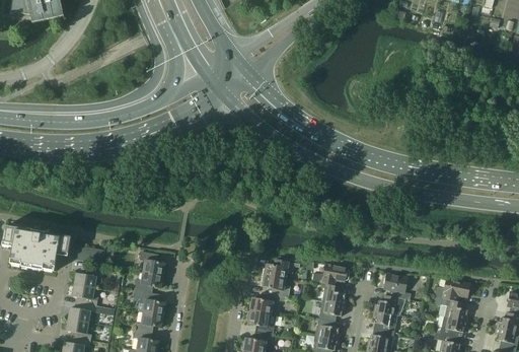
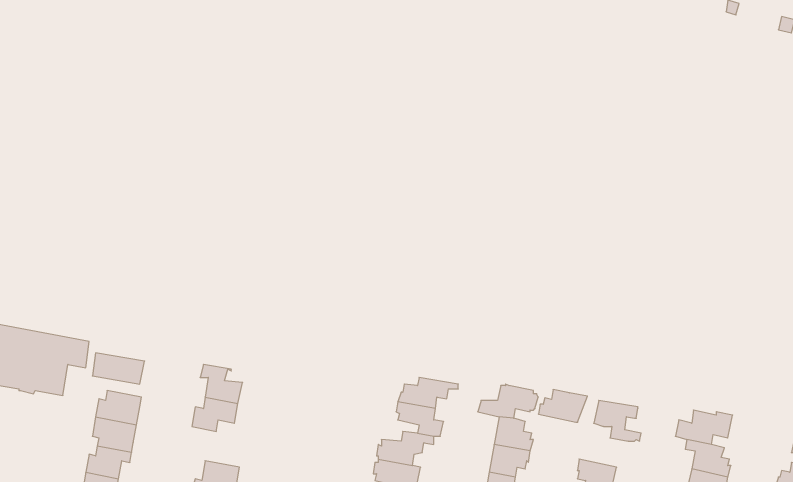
building: [134,290,166,315] -> none
building: [375,295,405,315] -> [538,390,587,422]

